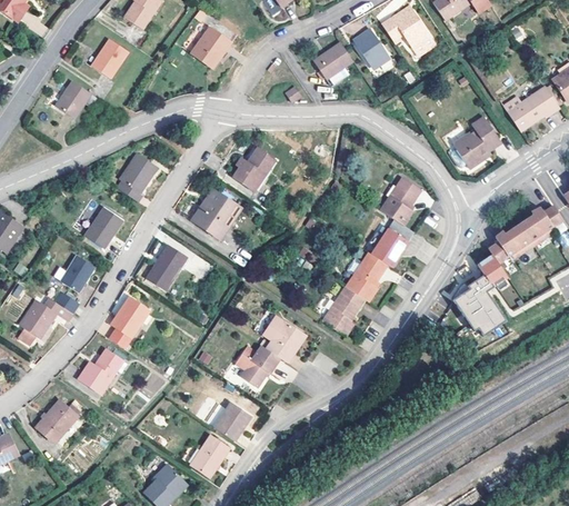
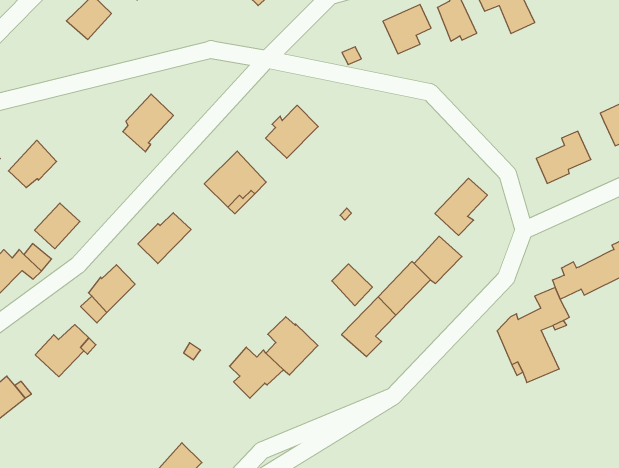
building: [86,206,123,246] -> [8,140,57,188]
building: none -> [332,264,372,306]
building: [213,399,250,438] -> none

